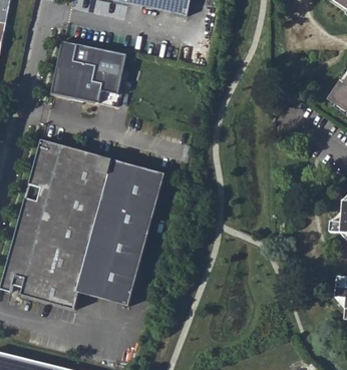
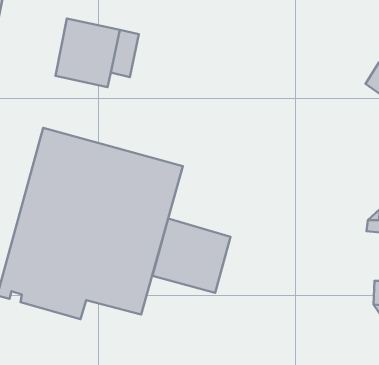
building: none -> [152,219,230,293]

